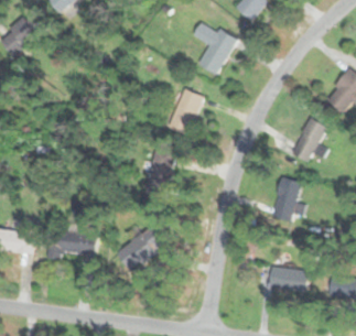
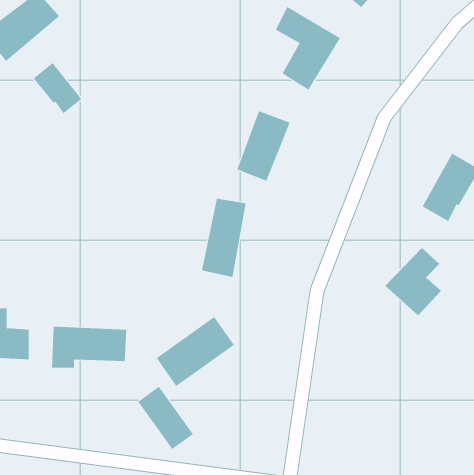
building: none -> [33,62,82,114]
building: [268,267,298,290] -> none
building: none -> [137,386,194,450]

